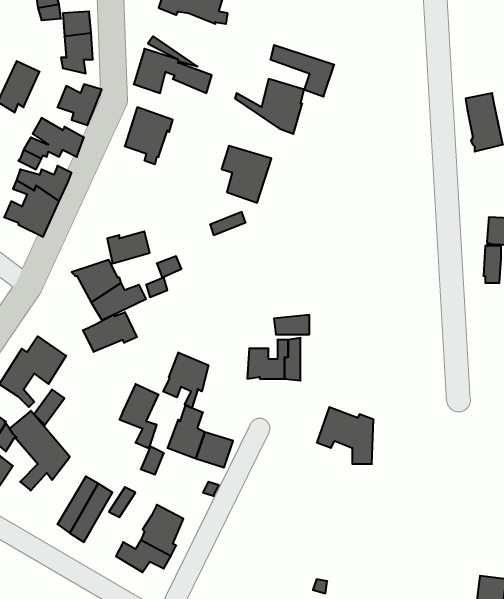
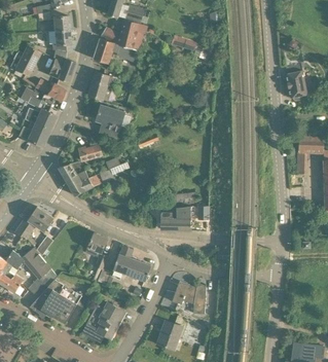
building: [235,79,304,134] -> [105,20,145,51]
building: [222,146,271,203] -> [97,106,125,139]
building: [83,312,137,352] -> none
building: [163,352,208,408] -> none
building: [317,407,374,464] -> [173,281,206,314]
building: none -> [29,275,66,314]
building: none -> [157,321,184,350]

